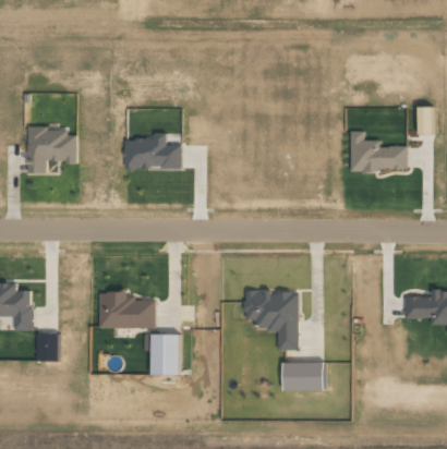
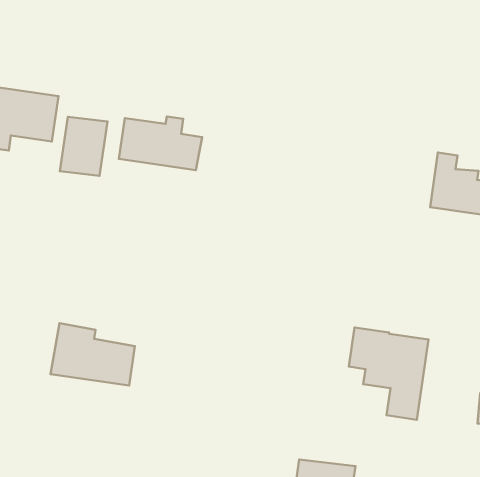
building: none -> [60,117,108,176]
building: [245,290,299,349] -> [349,327,428,420]
building: [145,332,179,374] -> none

